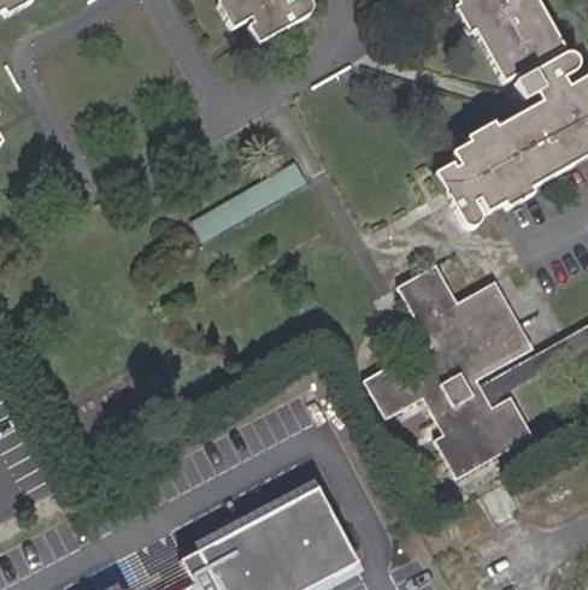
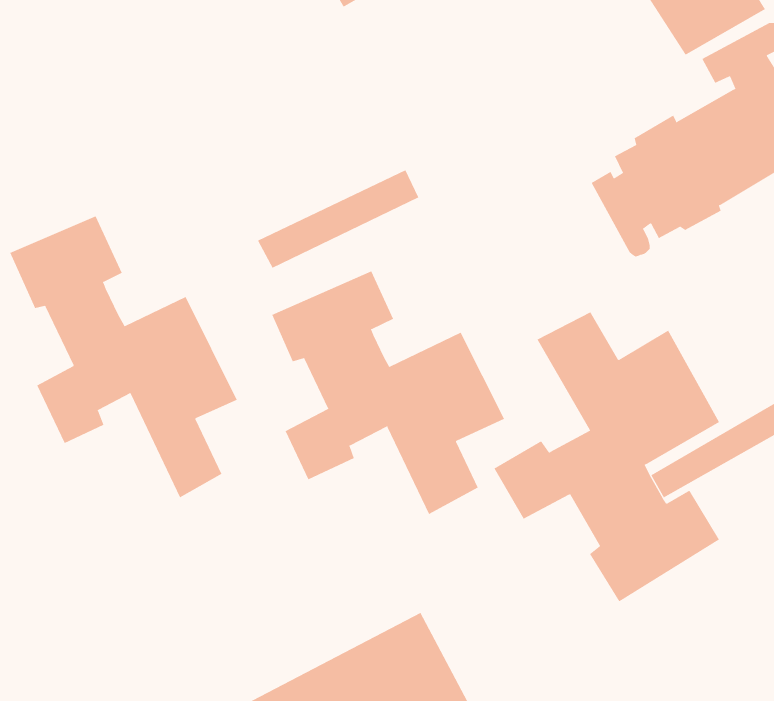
building: none -> [9,216,238,498]
building: none -> [271,270,505,515]

